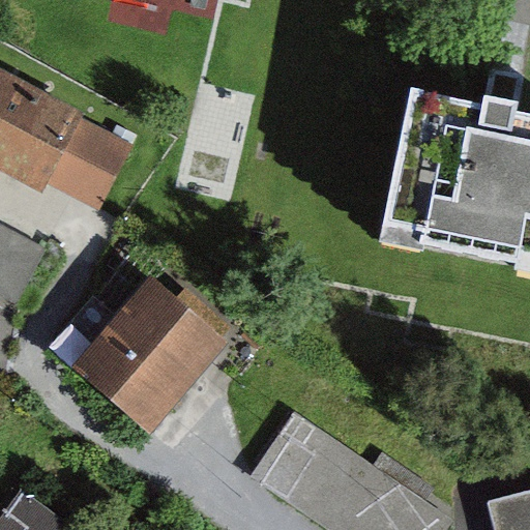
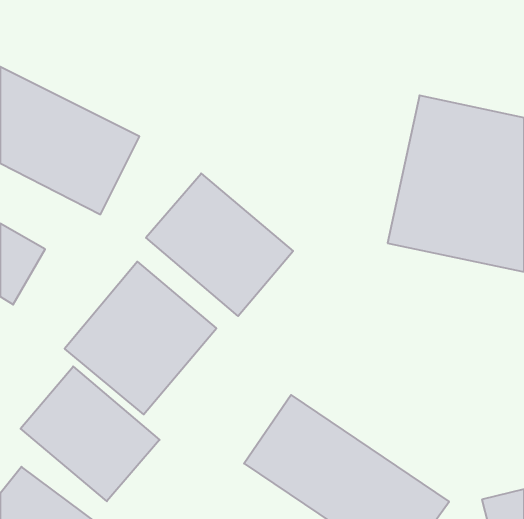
building: none -> [146,173,293,316]
building: none -> [21,366,160,501]

